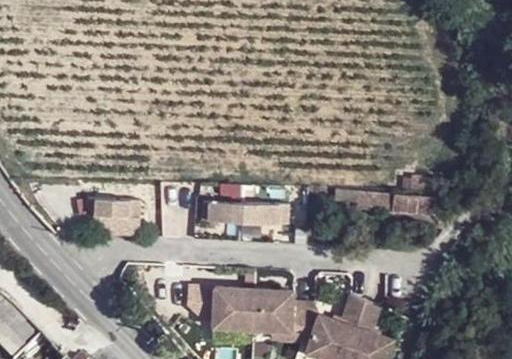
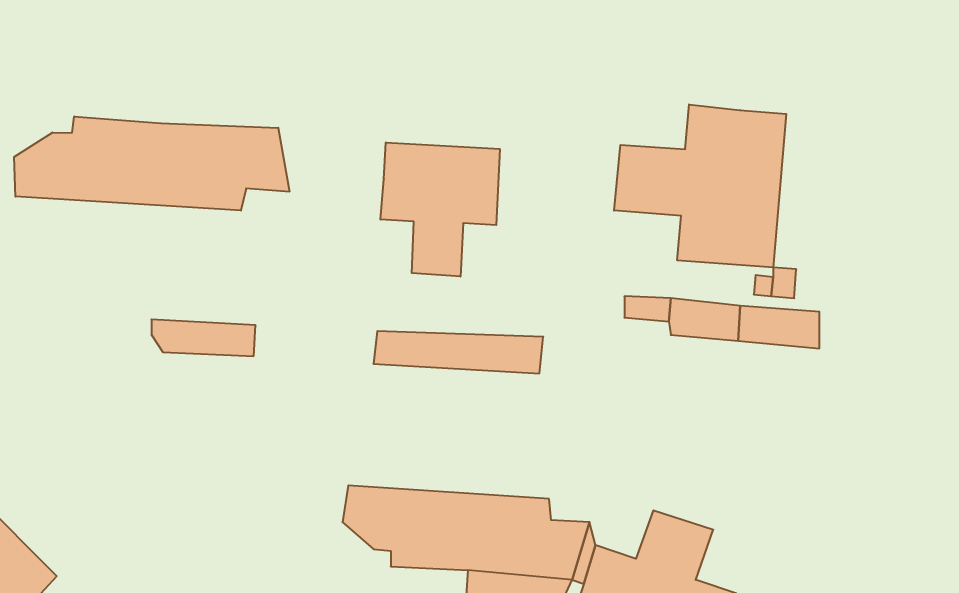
building: none -> [614,104,786,267]
building: none -> [14,116,289,211]
building: none -> [381,142,500,277]

